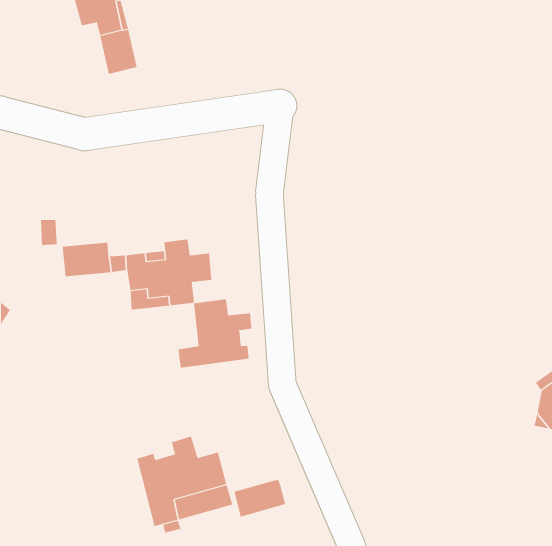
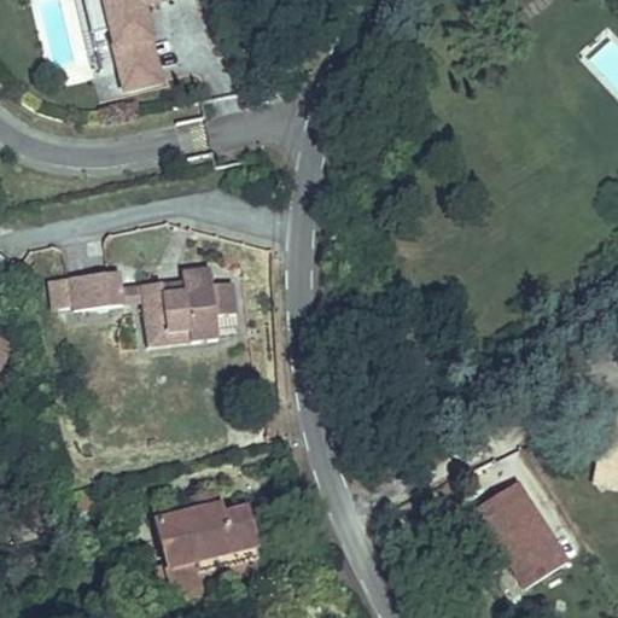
building: [178,299,252,369] -> none
building: none -> [470,479,567,584]
building: [234,479,286,518] -> none

